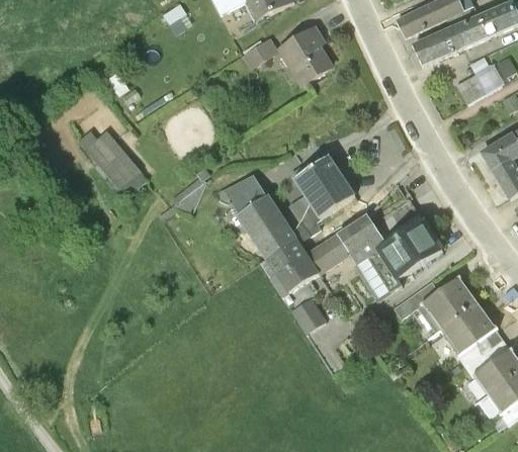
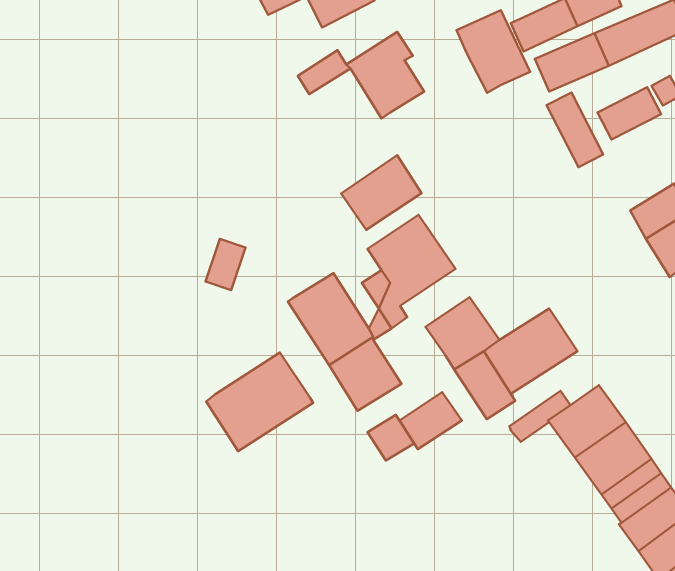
building: none -> [456,10,530,93]
building: none -> [547,93,603,167]
building: none -> [341,155,422,230]
building: [77,118,147,189] -> none
building: [226,173,268,213] -> none
building: [304,234,348,274] -> [400,392,462,449]
building: none -> [206,353,313,451]

